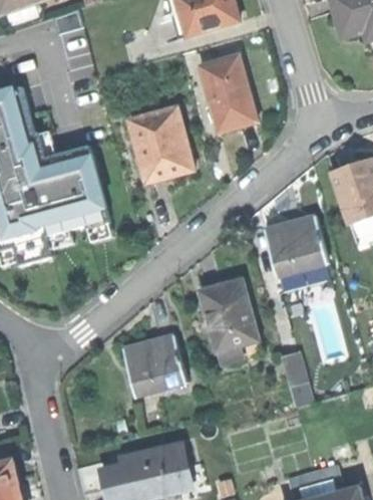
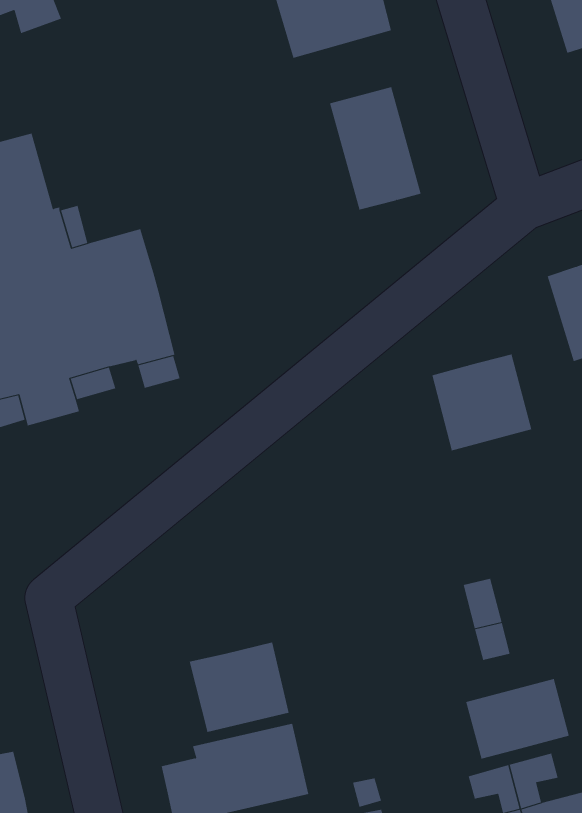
building: [129,105,194,182] -> none
building: [201,279,260,351] -> none
building: [125,332,186,388] -> [189,642,289,733]
building: none -> [466,678,570,760]

